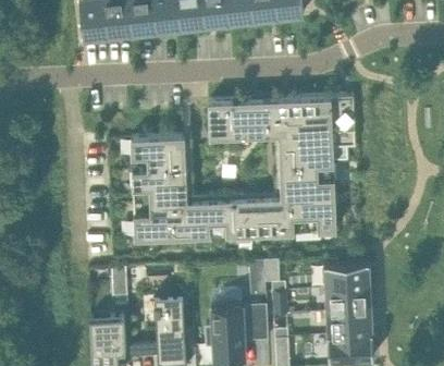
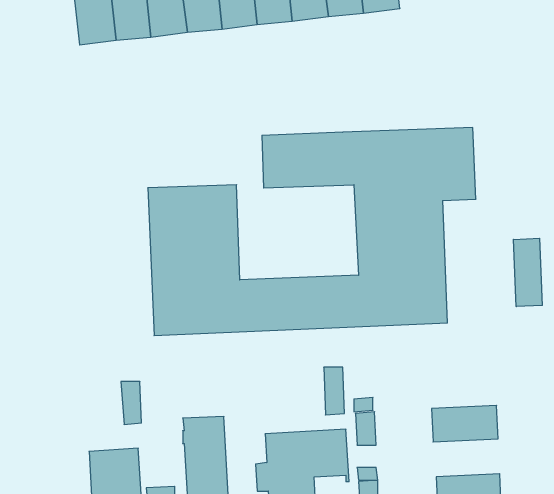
building: none -> [513,238,542,307]
building: [324,264,370,291] -> none
building: [326,312,372,338] -> none

